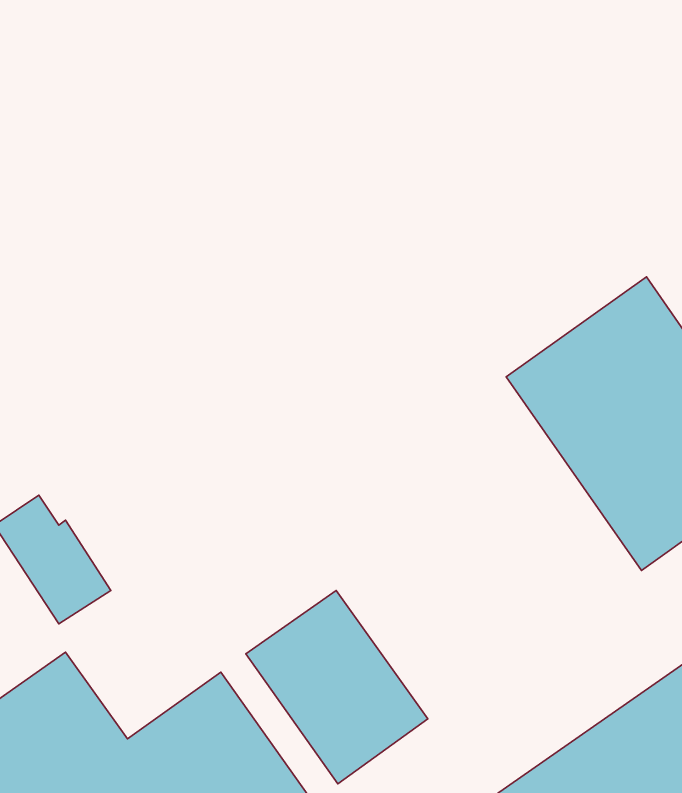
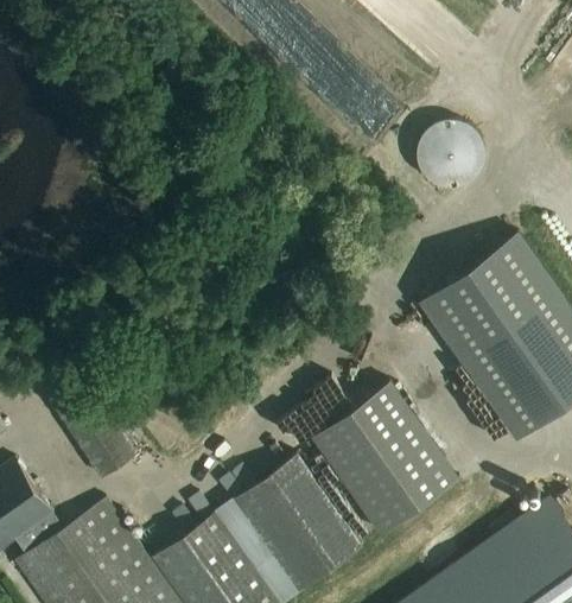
building: none -> [415,120,483,188]
building: none -> [318,393,451,532]

